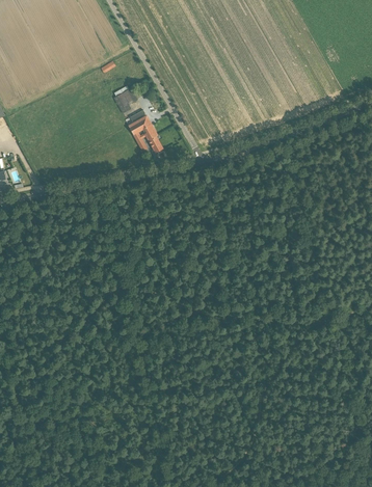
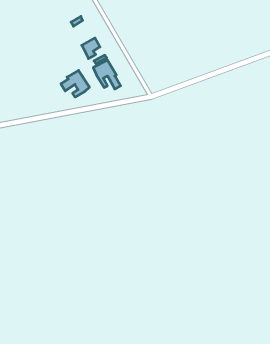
building: none -> [61,70,89,97]

